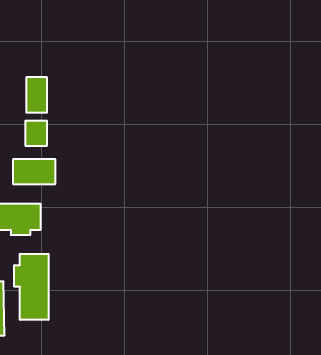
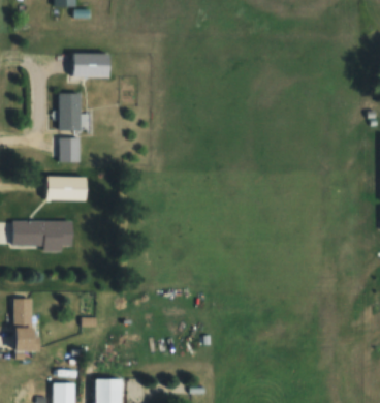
building: none -> [71,54,112,78]
building: [14,254,48,320] -> none

